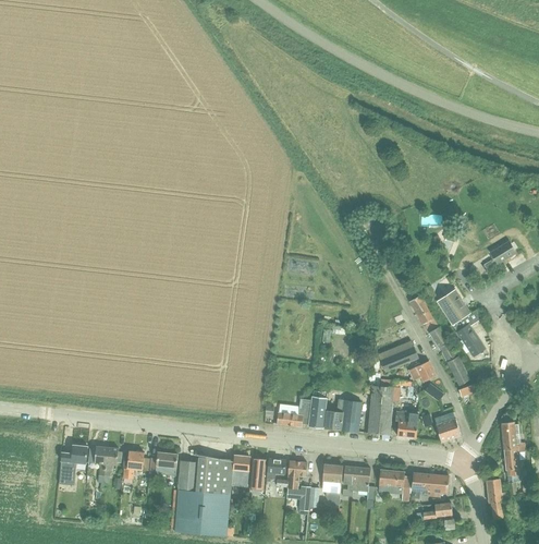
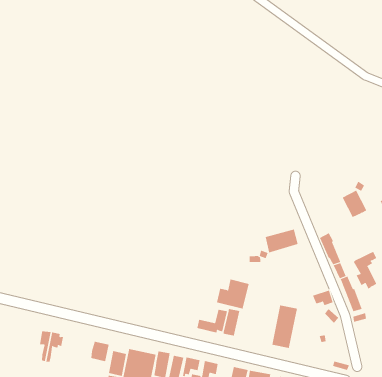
building: [438,290,469,324] -> [342,190,367,218]
building: [378,339,418,371] -> [265,229,298,253]
building: [324,398,362,432] -> [216,279,250,309]
building: [394,411,418,437] -> none
building: [433,411,461,442] -> none
building: [58,444,87,483] -> none
building: [123,449,150,479] -> none

